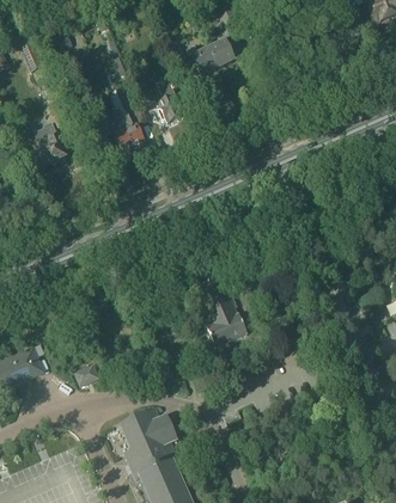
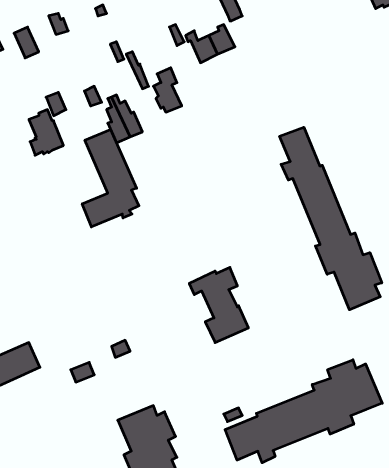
building: none -> [280,127,382,310]
building: none -> [82,130,139,227]
building: none -> [225,360,382,463]

